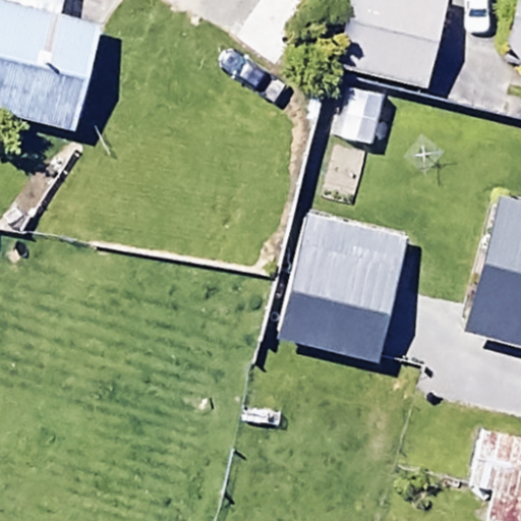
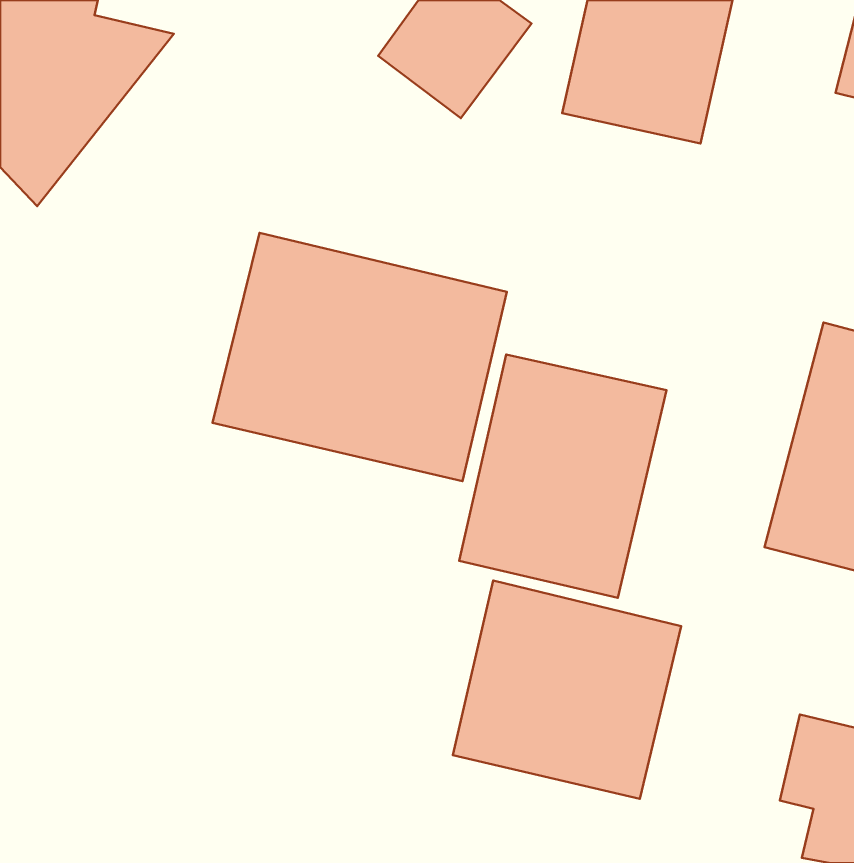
building: none -> [213,233,507,481]
building: none -> [453,580,681,799]

